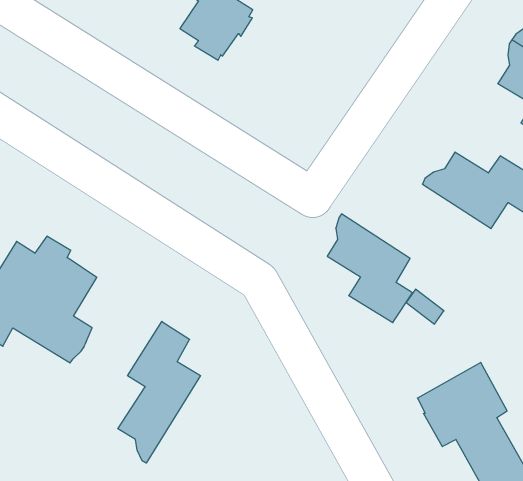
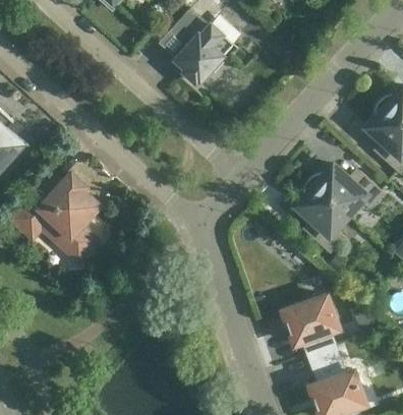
building: [327,214,413,323] -> [295,181,346,253]
building: [118,321,201,463] -> none

